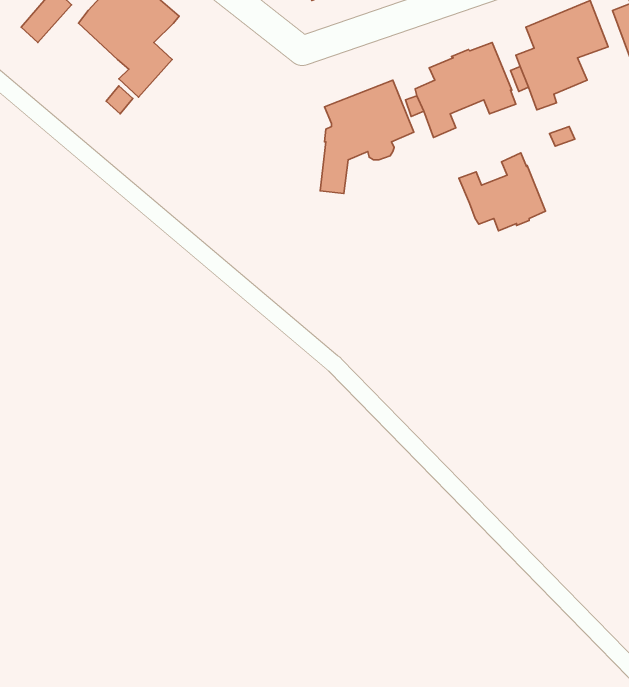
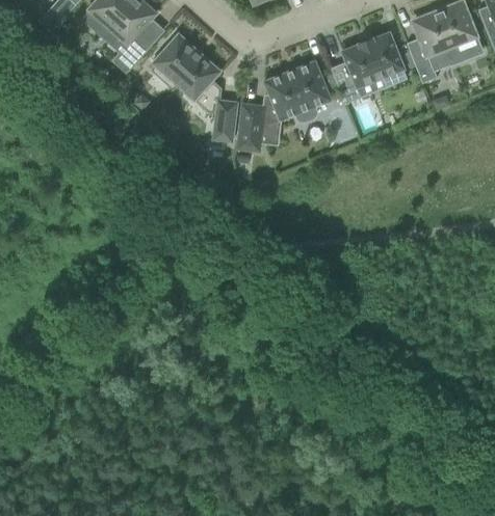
building: none -> [153,33,238,140]
building: none -> [238,103,266,151]
building: [459,153,546,231] -> none

